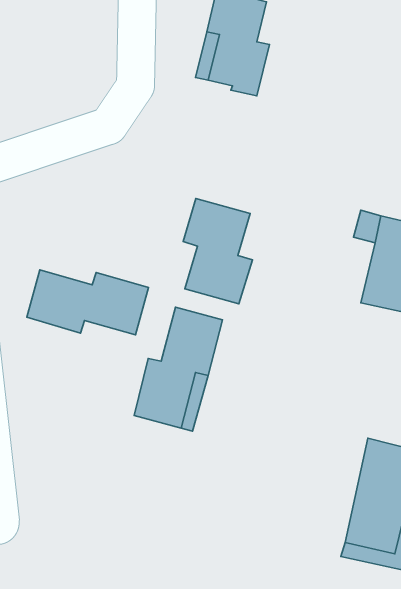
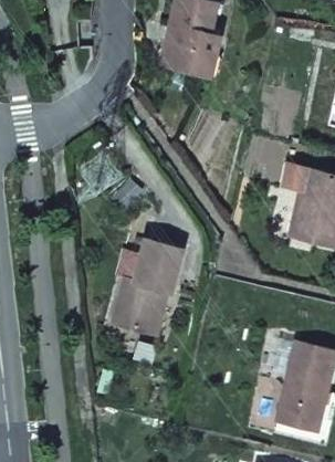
building: [183,199,252,304] -> none
building: [27,270,148,335] -> none

